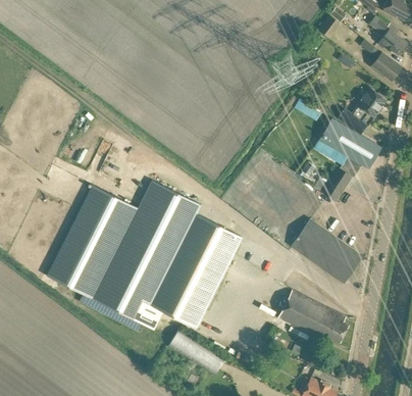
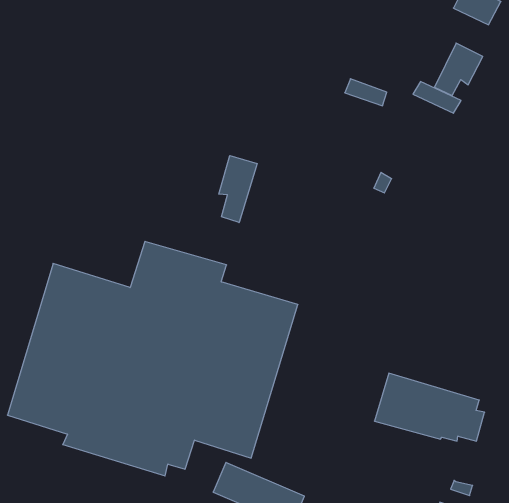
building: [319,118,381,201] -> none
building: none -> [219,156,257,223]
building: [291,219,363,283] -> none

